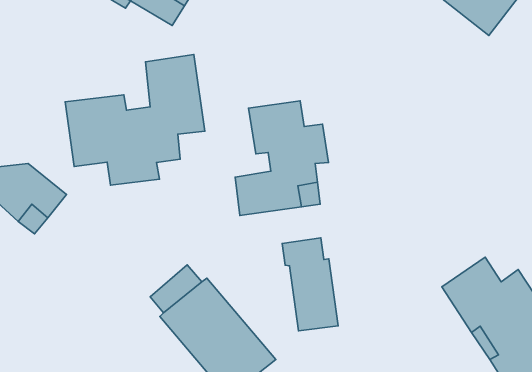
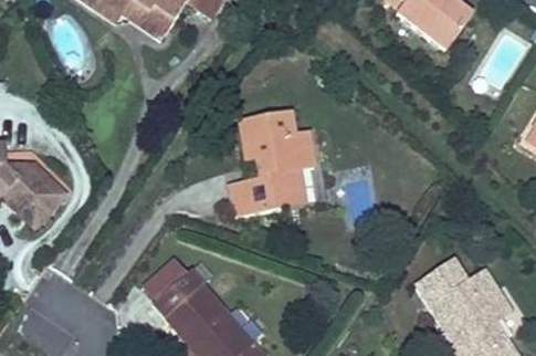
building: [65,54,205,185] -> none
building: [282,238,338,331] -> none

